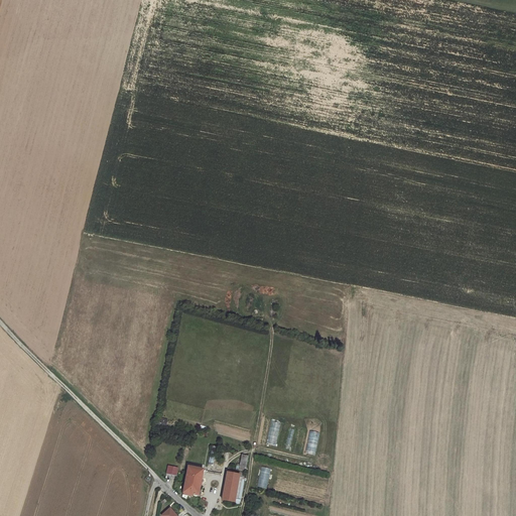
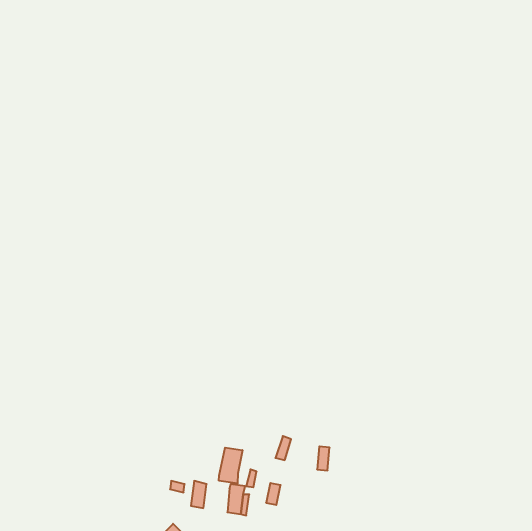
building: none -> [219,448,242,484]

